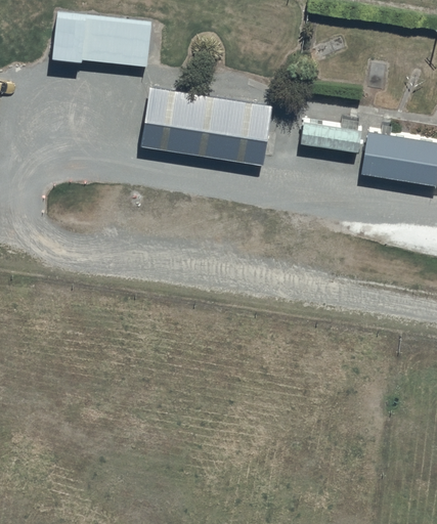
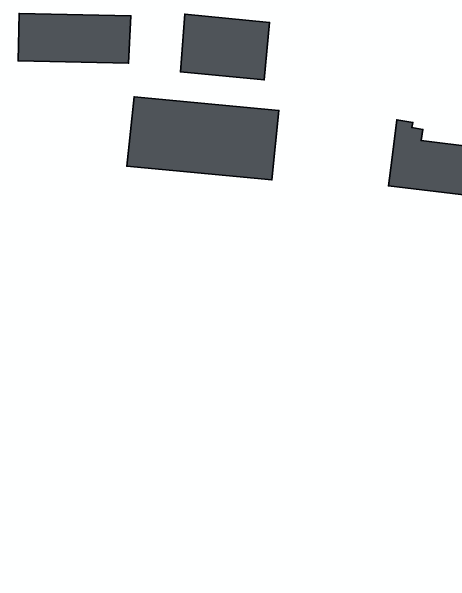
building: none -> [180,14,270,80]
building: [300,120,362,157] -> none

